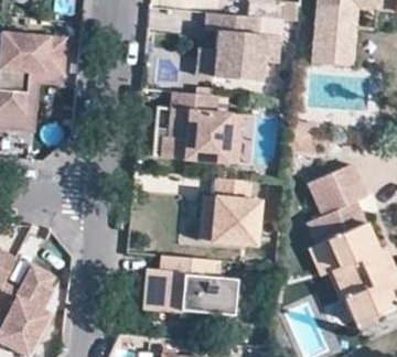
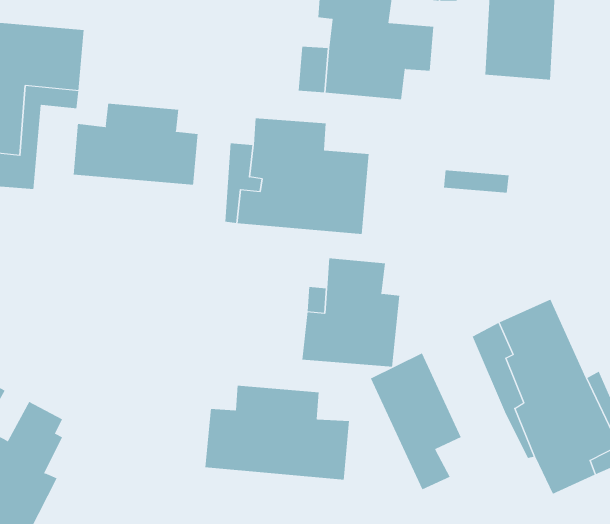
building: none -> [73,103,198,186]
building: [305,165,363,217] -> none
building: none -> [370,353,461,490]

